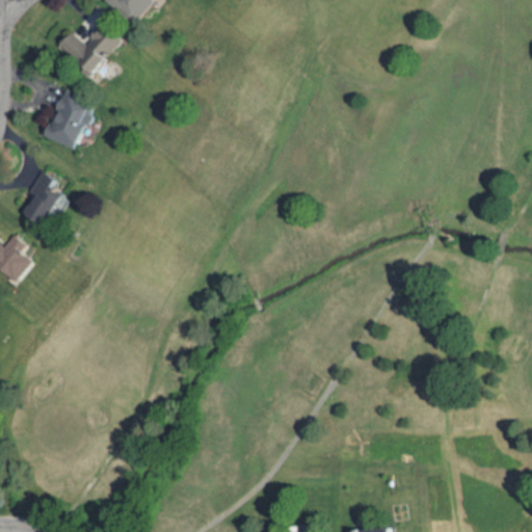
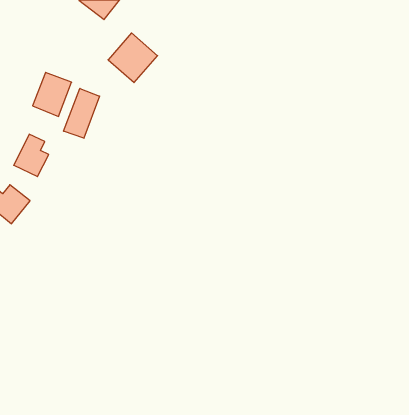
building: [56,12,119,76] -> [108,33,158,83]
building: none -> [64,88,100,138]

